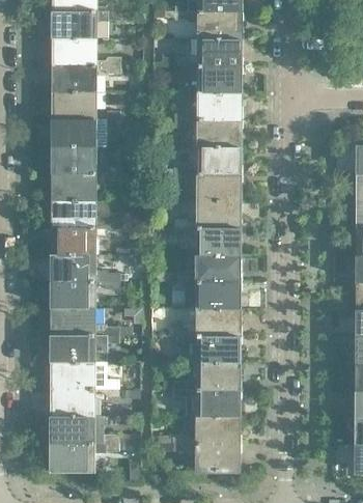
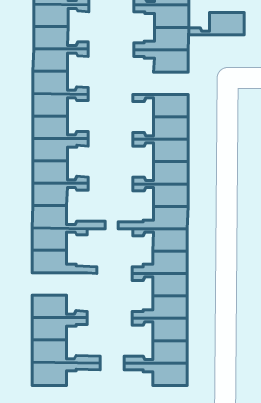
building: [173,93,240,120] -> [189,12,244,35]
building: [52,335,118,362] -> none

